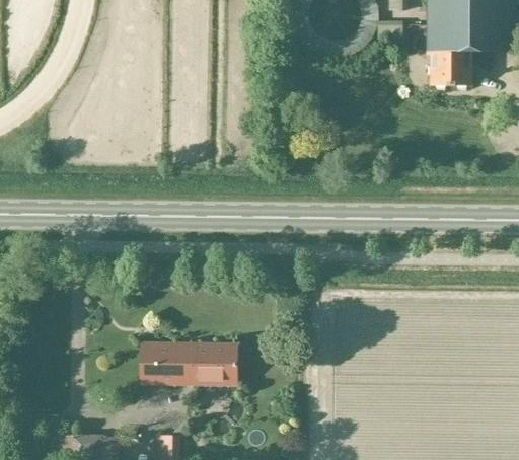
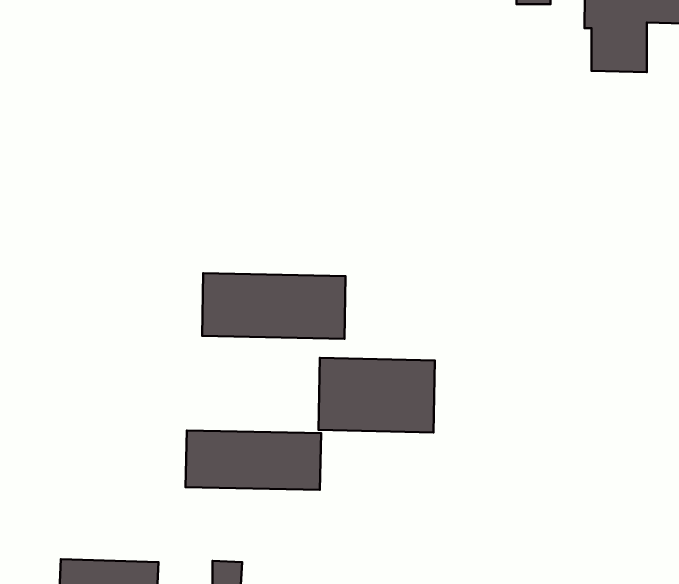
building: none -> [202,273,346,339]
building: none -> [318,358,435,432]

